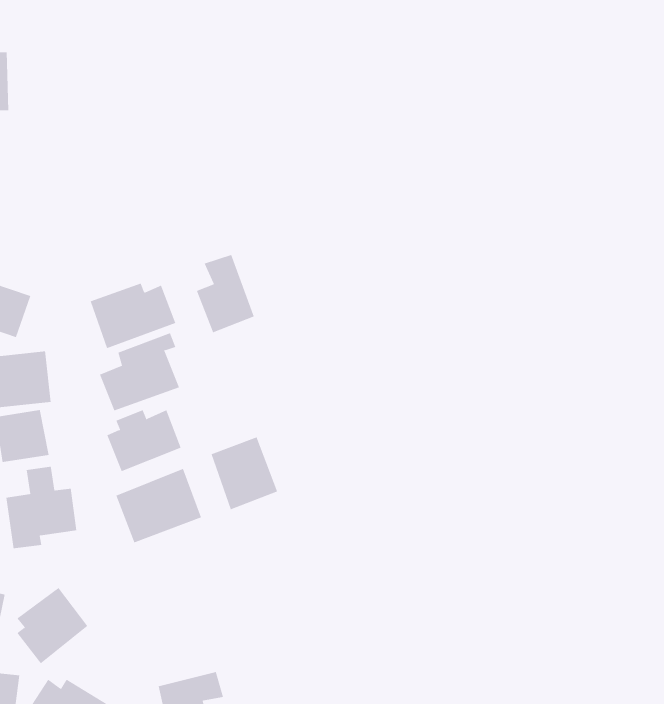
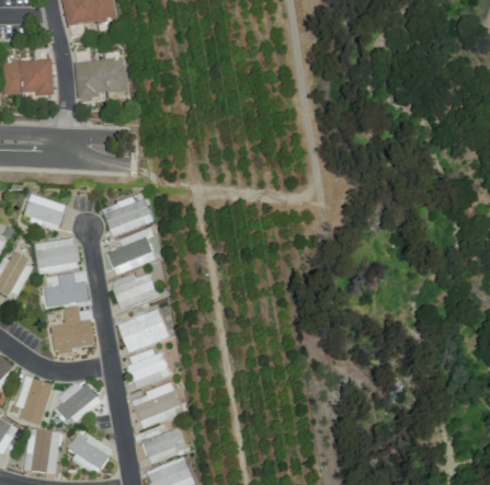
building: none -> [75,58,127,102]
building: [196,254,254,333] -> none
building: [211,437,278,510] -> none
building: none -> [127,346,168,388]
building: none -> [132,383,181,427]

